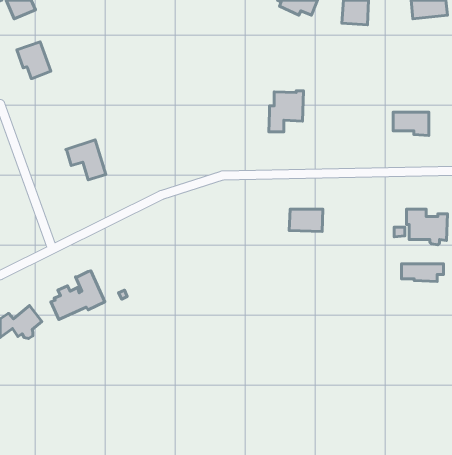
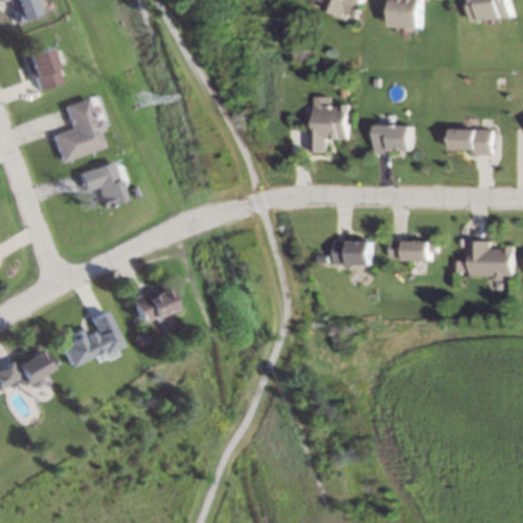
building: none -> [51,97,105,161]
building: none -> [380,125,416,153]
building: none -> [132,289,177,322]
building: [402,264,443,282] -> [392,240,440,260]

